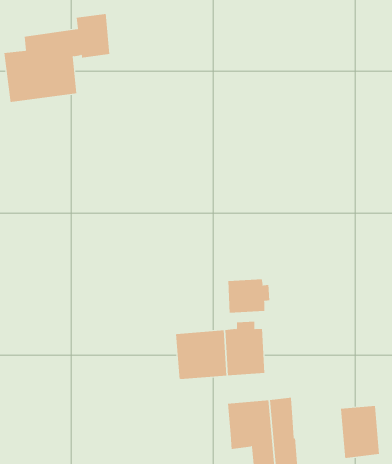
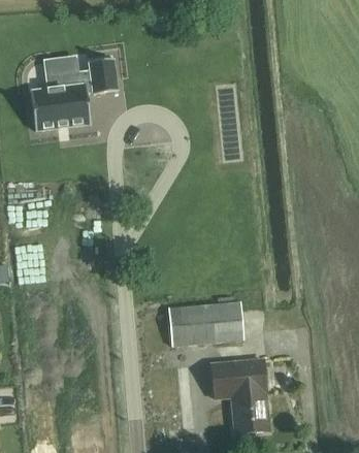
building: [228,278,270,313] -> none
building: [340,405,380,459] -> none

